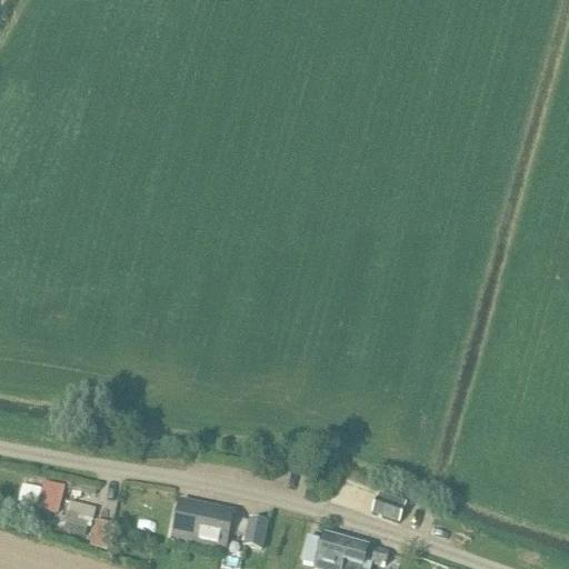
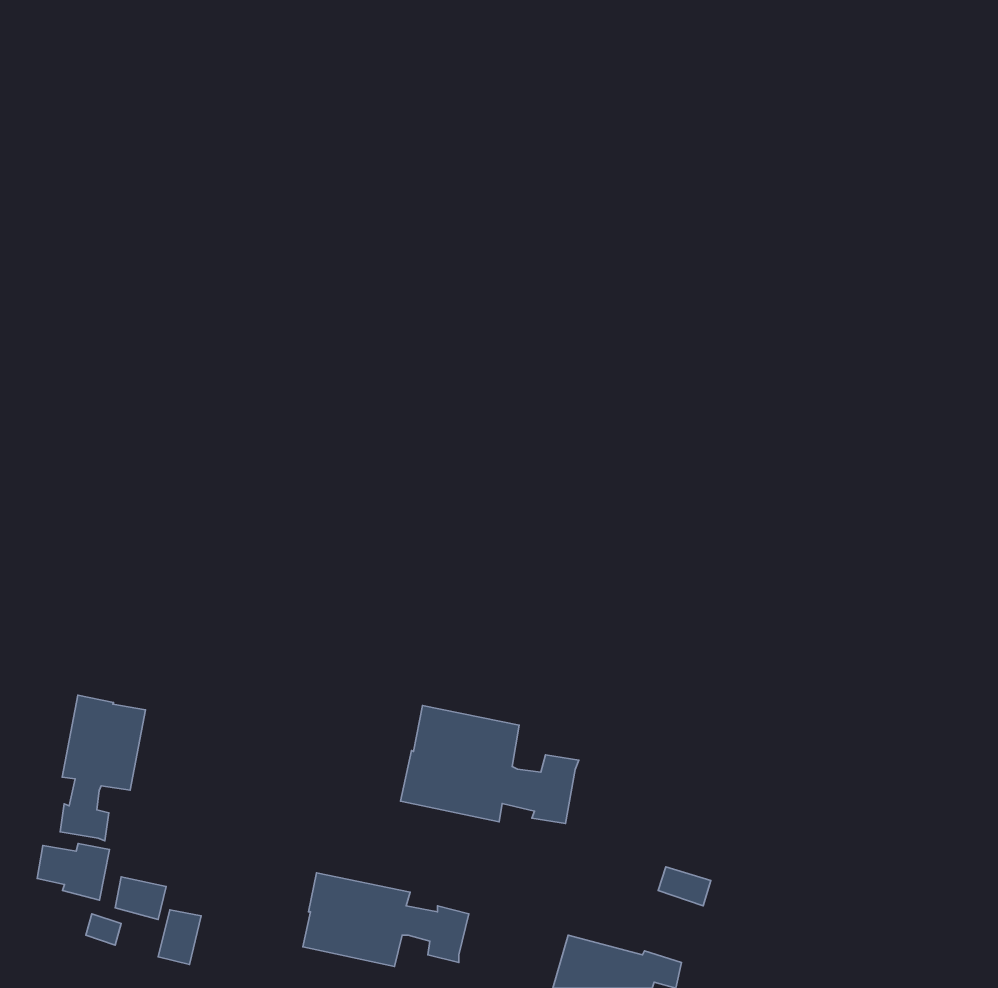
building: none -> [60,695,145,841]
building: none -> [401,706,579,823]

